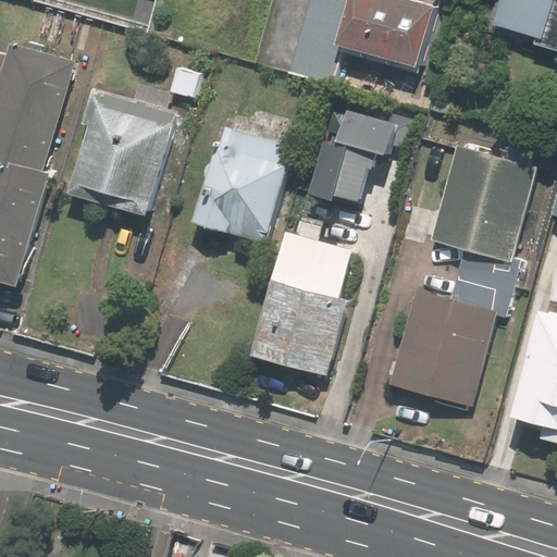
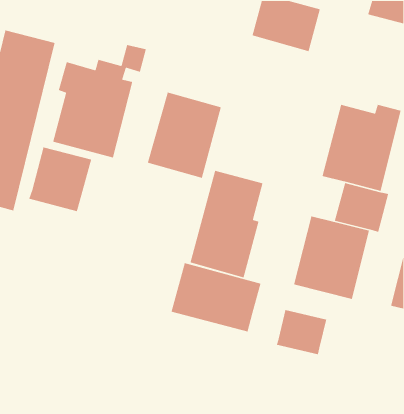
building: [308,106,403,206] -> none
building: none -> [28,146,92,212]
building: none -> [170,262,261,333]
building: none -> [276,309,327,355]

